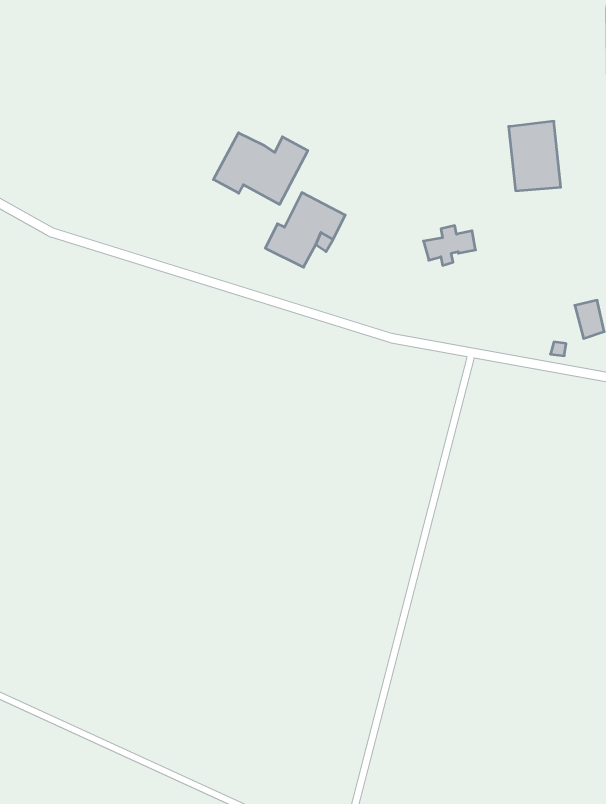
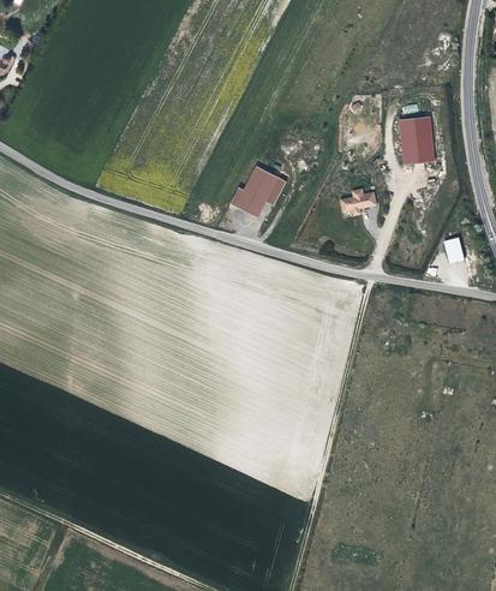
building: [213,133,308,204] -> none

